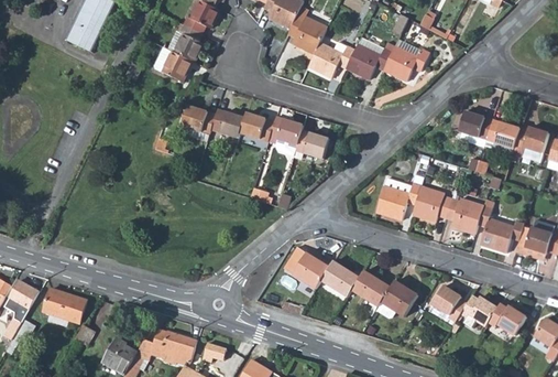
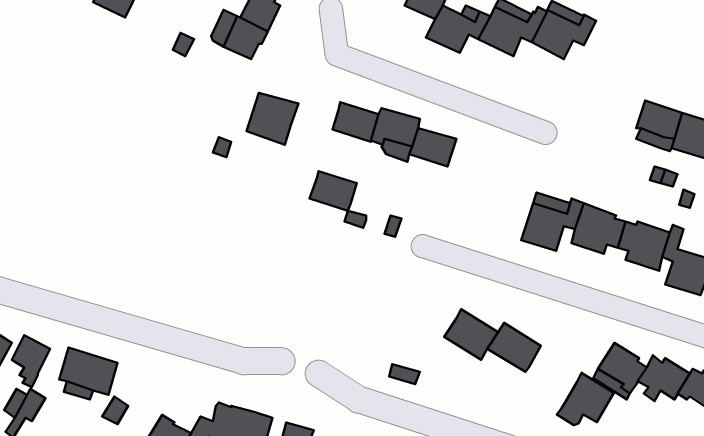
building: [210,108,244,137] -> [309,171,357,211]
building: [283,246,329,288] -> none
building: [375,280,416,317] -> [557,373,614,425]

